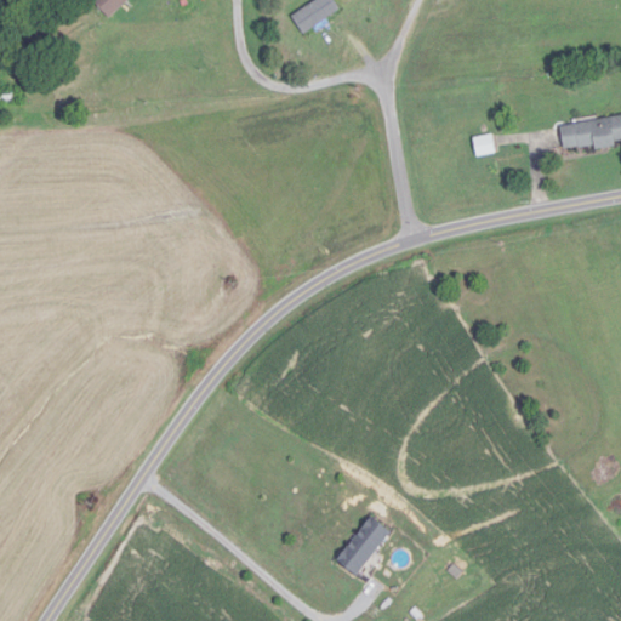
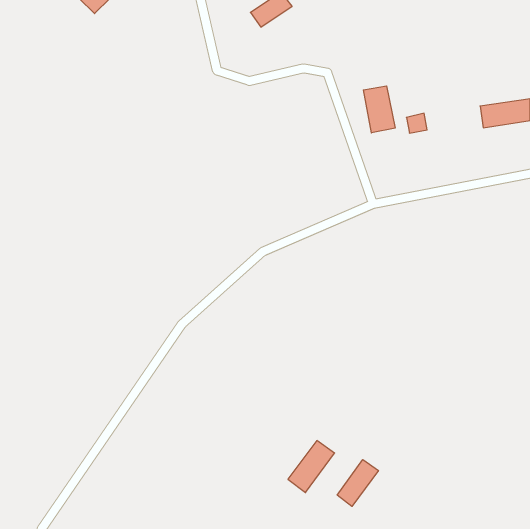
building: none -> [363,86,395,133]
building: none -> [337,460,378,506]

